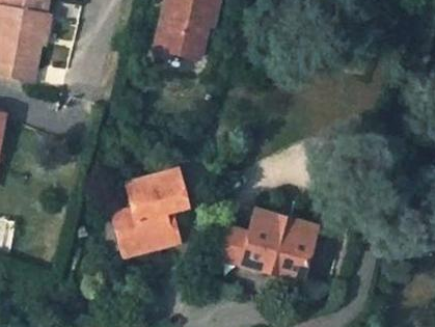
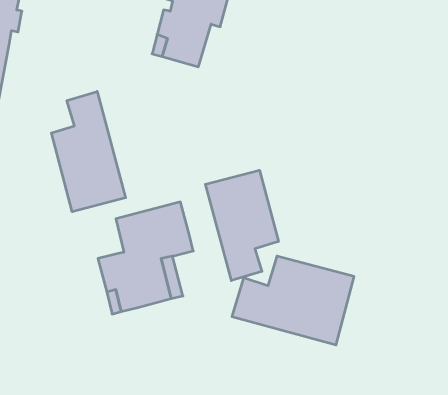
building: none -> [51,91,126,212]
building: none -> [205,170,278,281]

